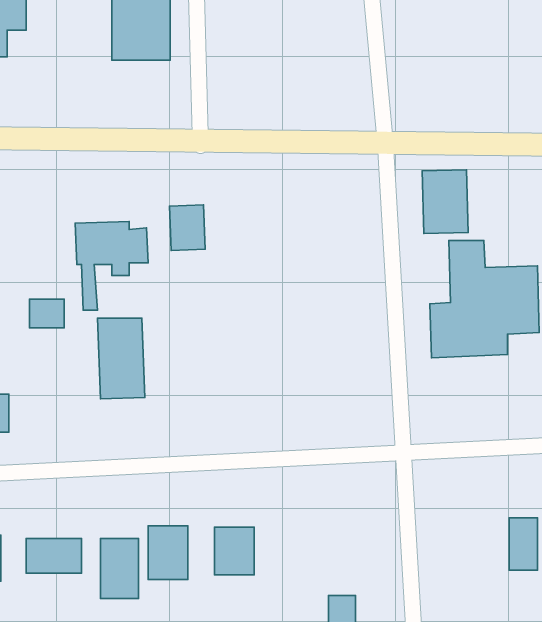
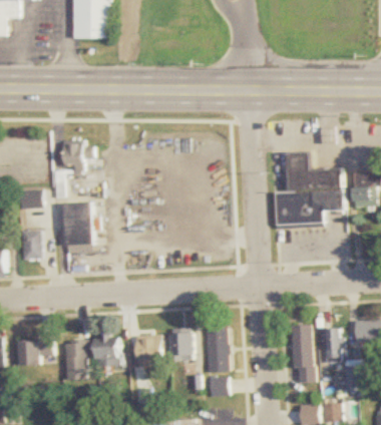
building: [422,170,468,234] -> none
building: [170,205,205,250] -> none
building: none -> [23,231,41,260]
building: none -> [292,326,313,383]
building: none -> [206,329,229,372]
building: none -> [170,333,194,360]

